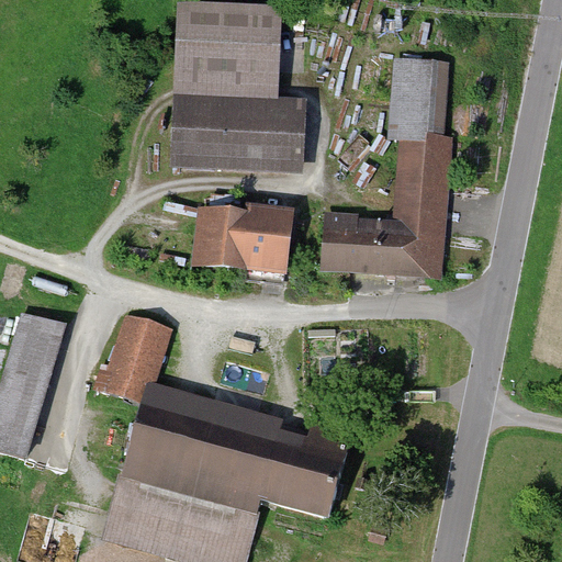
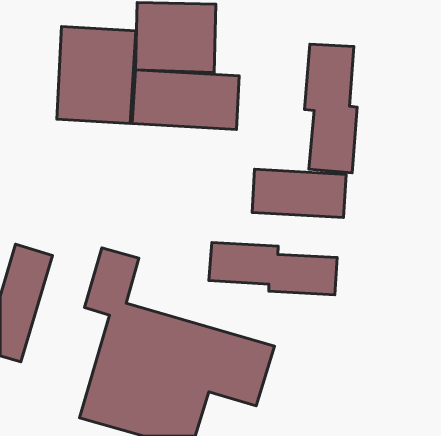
building: none -> [57,27,136,123]
building: [194,212,289,272] -> none
building: none -> [209,243,337,295]

